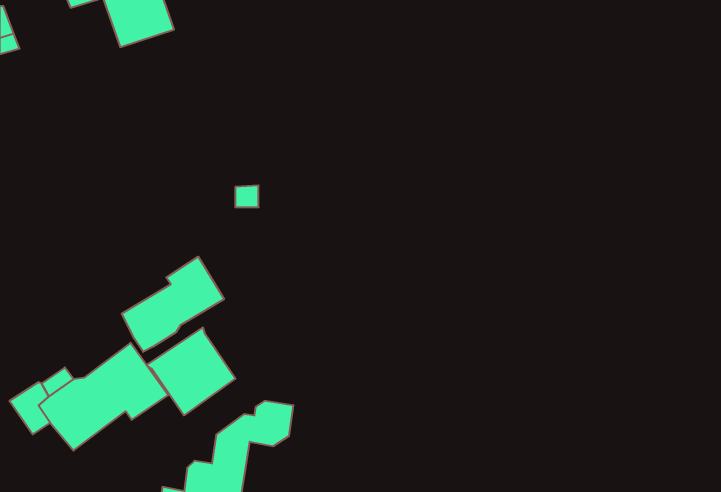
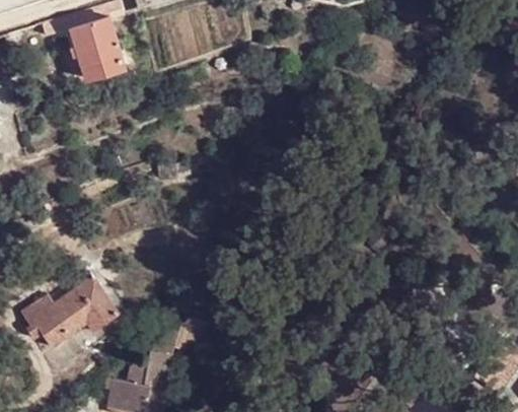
building: [122,257,224,352] -> none
building: [146,327,236,415] -> none

